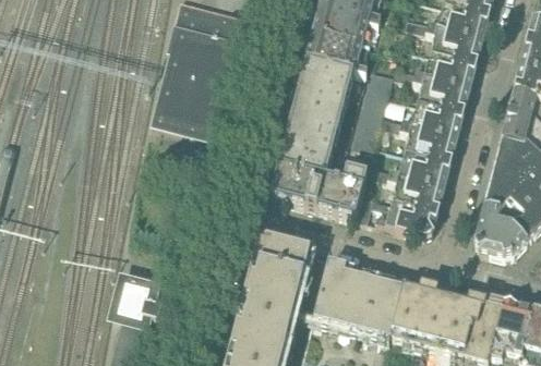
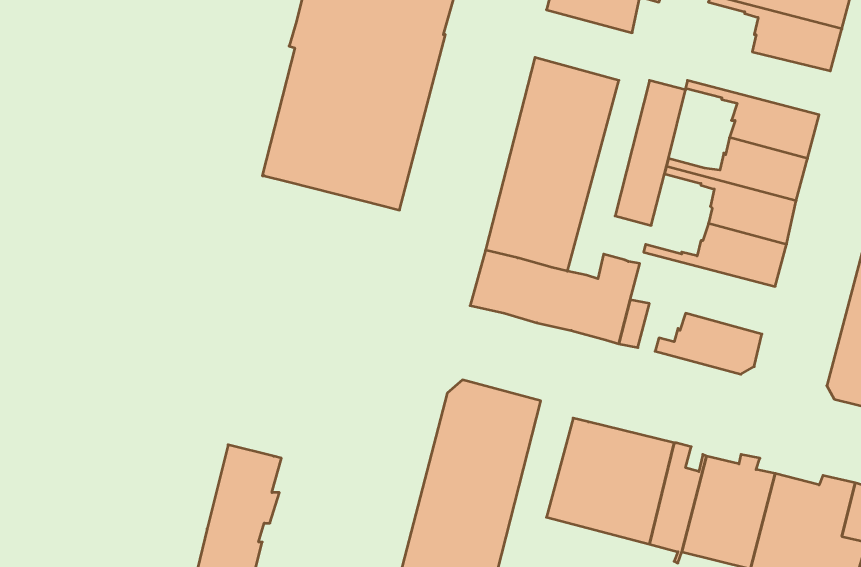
building: [308,25,368,68] -> none
building: [395,49,477,85] -> none
building: [369,163,445,210] -> none

